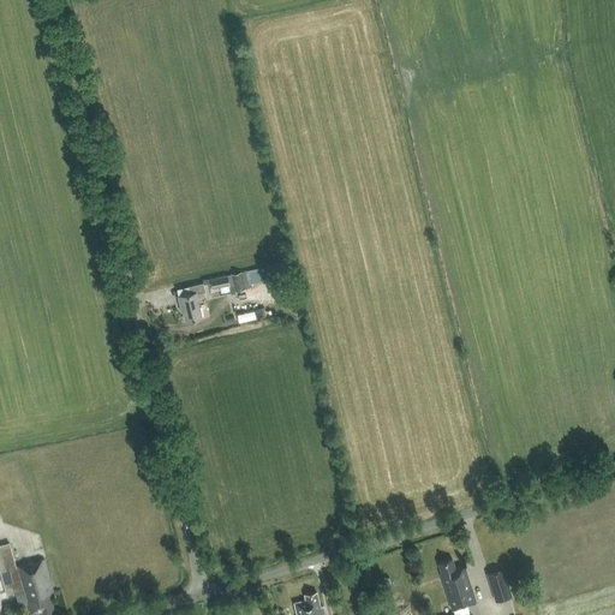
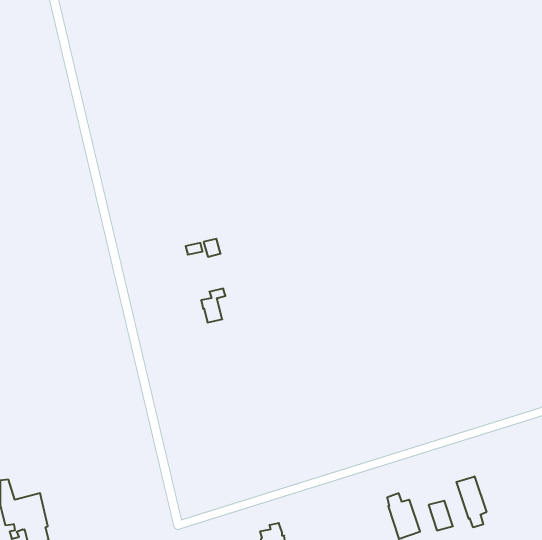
building: [178,285,205,323] -> [201,289,225,322]
building: none -> [456,476,486,527]

